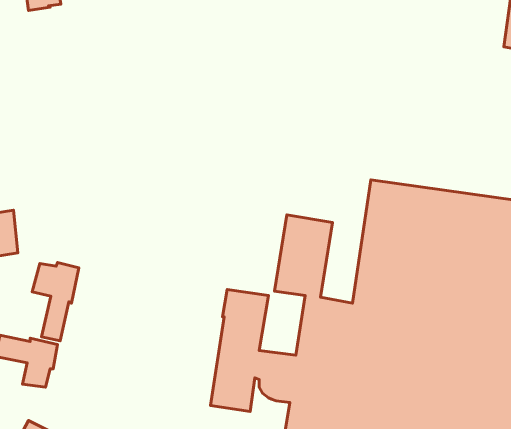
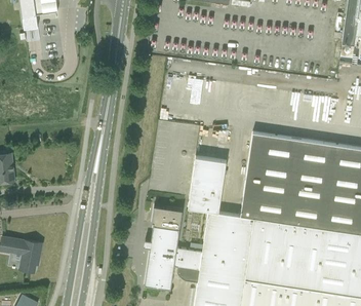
building: [32,262,79,341] -> none

